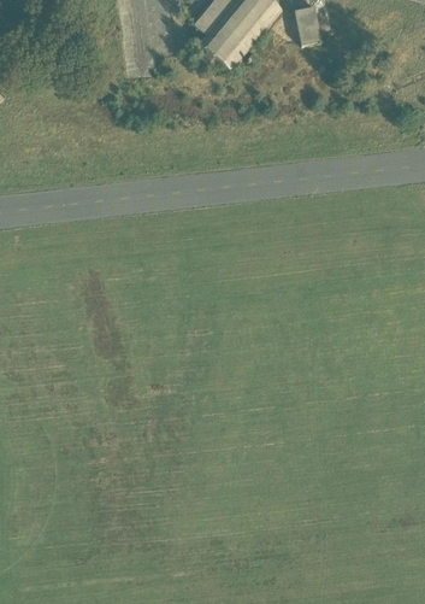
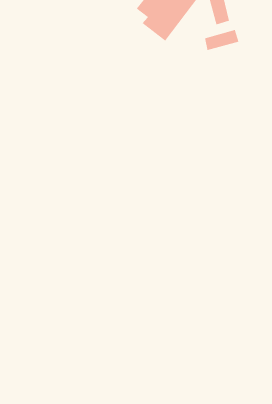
building: none -> [205,29,239,51]

